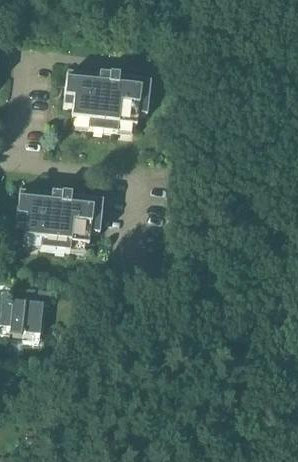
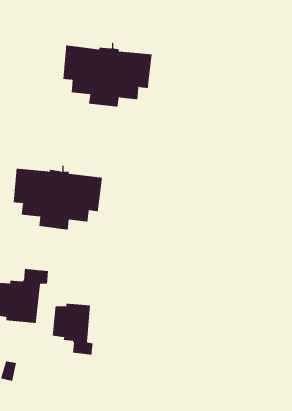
building: none -> [52,303,93,355]

